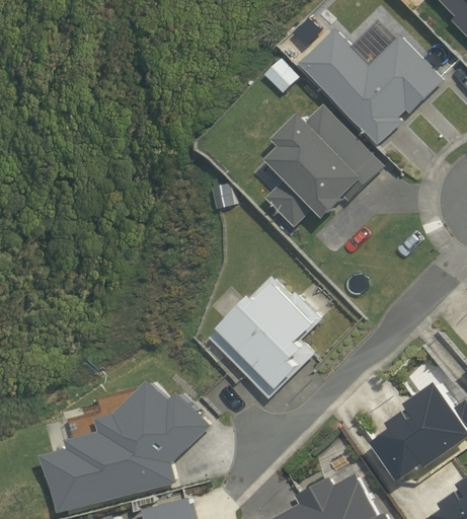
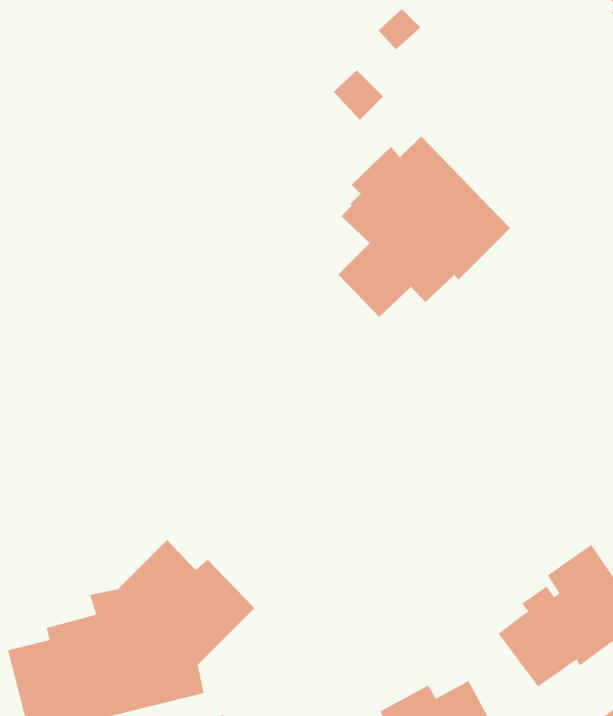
building: [299,20,443,145] -> none
building: [207,278,321,400] -> none

